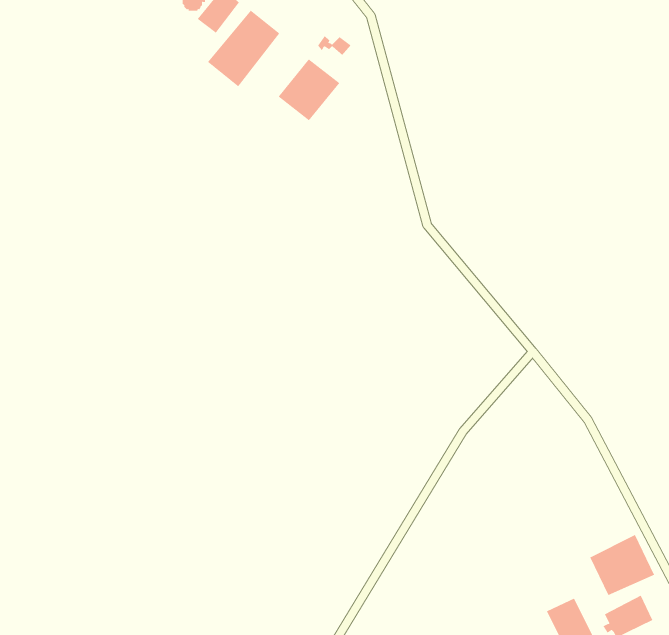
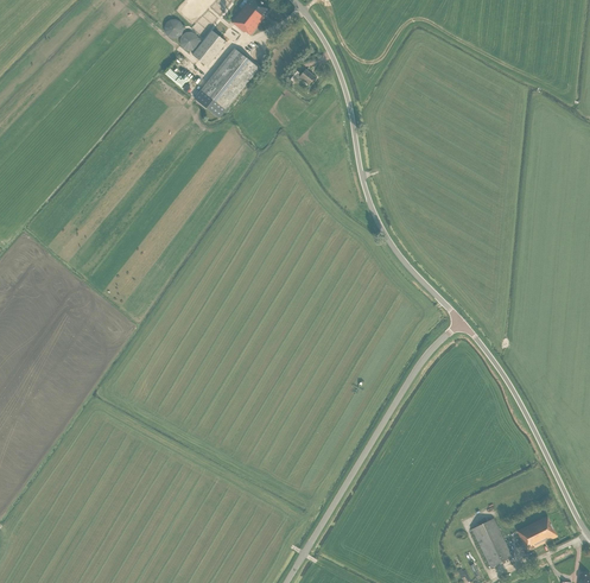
building: [278,58,340,121] -> none
building: [590,534,655,596] -> none

